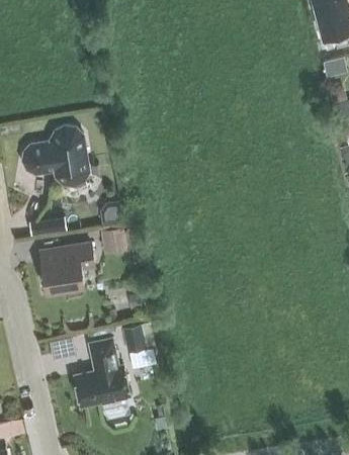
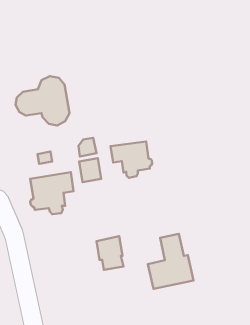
building: none -> [110,141,152,178]
building: [74,339,130,406] -> [148,234,194,289]

